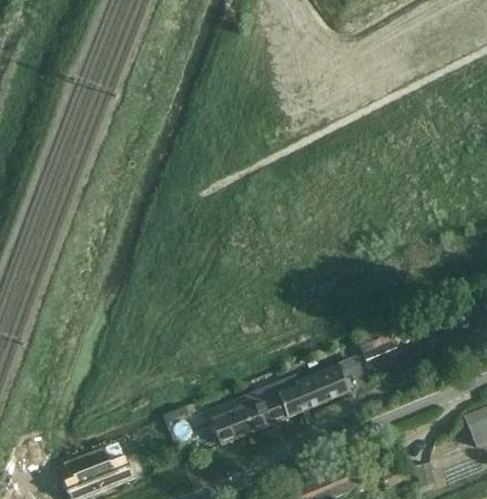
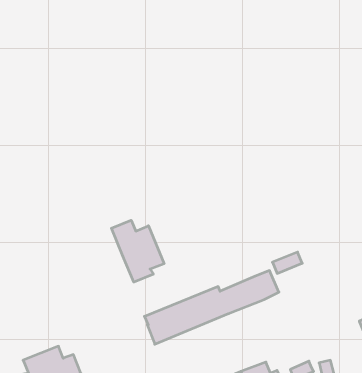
building: none -> [111,220,164,282]

